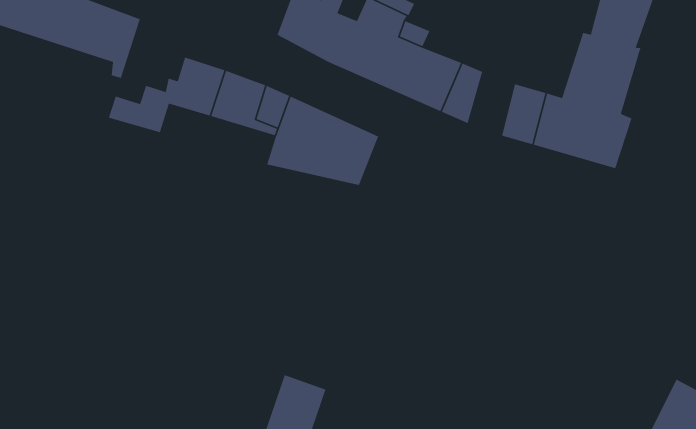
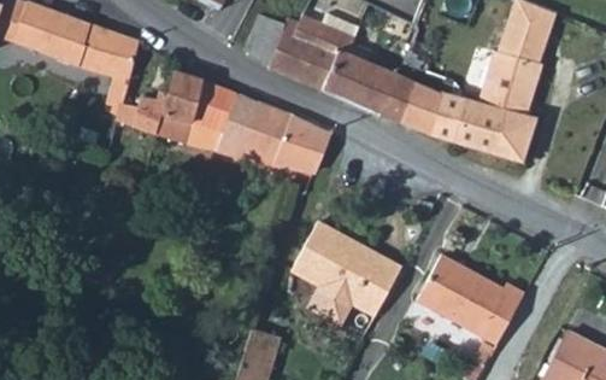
building: none -> [402,83,440,135]
building: none -> [157,110,248,158]
building: none -> [294,221,404,327]
building: none -> [418,257,525,347]

